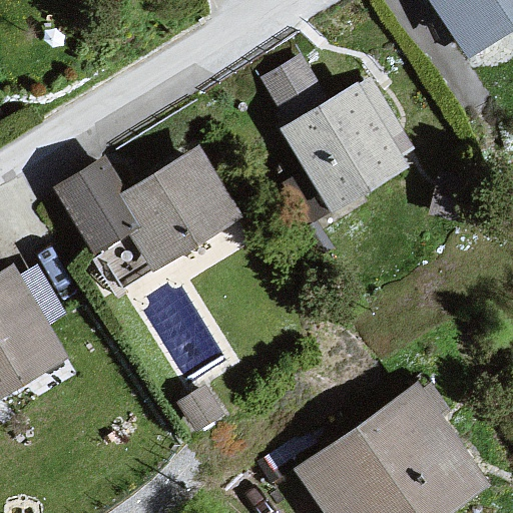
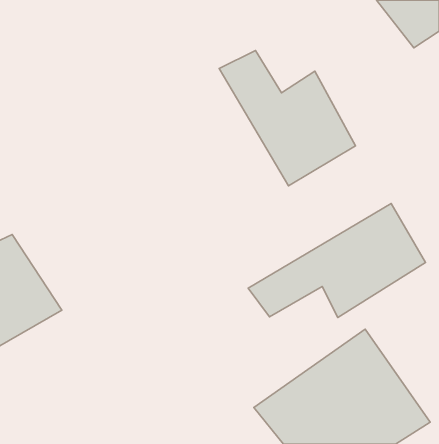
building: [51,147,243,271] -> none
building: none -> [248,204,426,317]

